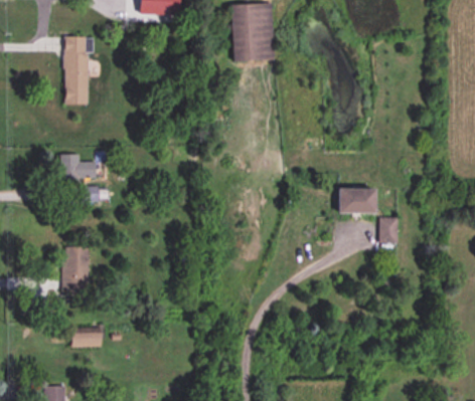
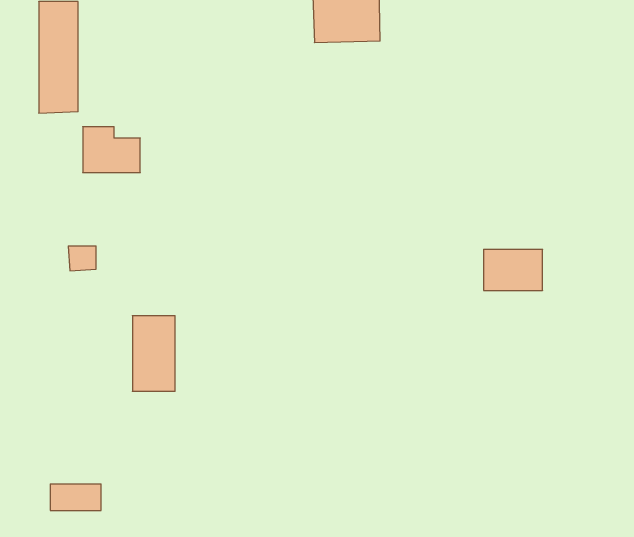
building: [61,154,97,182] -> [83,127,140,173]
building: [379,217,398,243] -> none
building: [63,246,90,292] -> [132,316,175,391]

